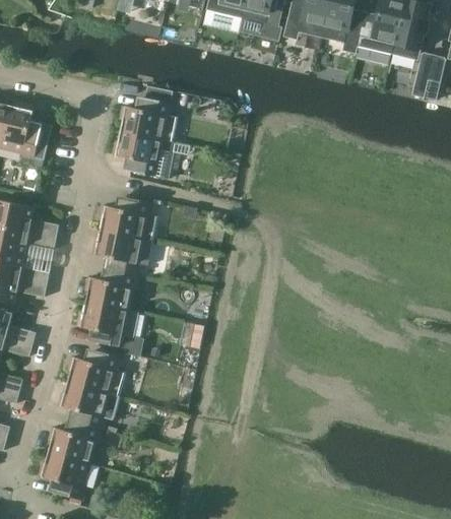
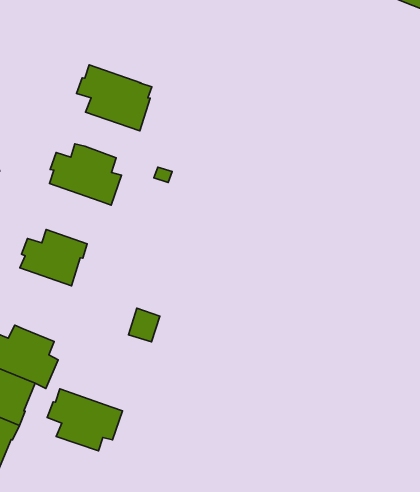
building: [120,87,178,143] -> none
building: [92,232,143,276] -> none
building: [78,303,138,348] -> [47,389,123,451]

